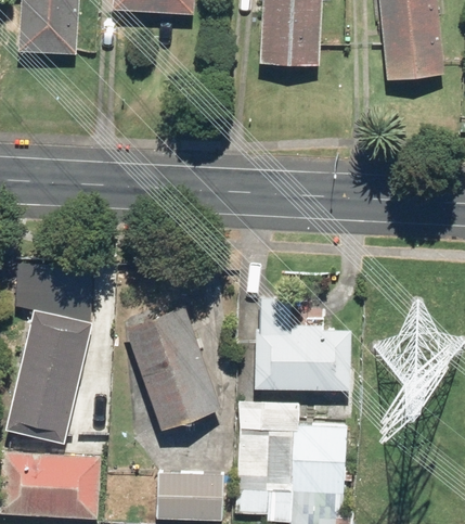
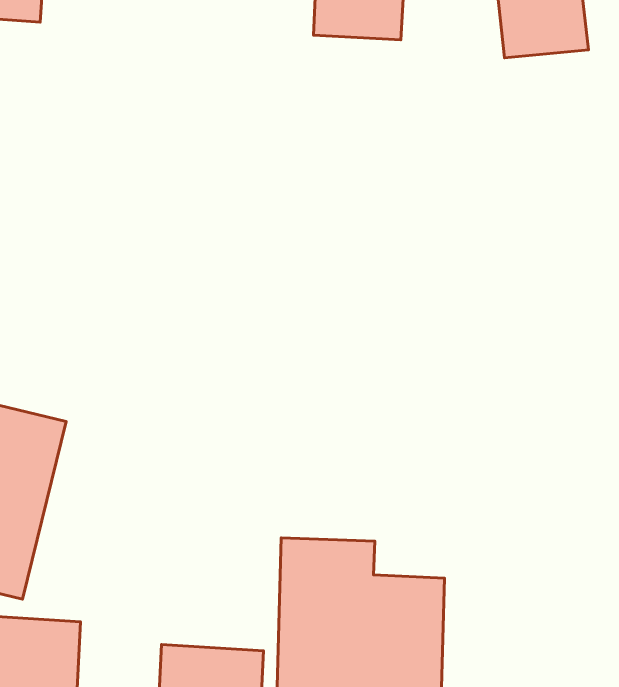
building: [126,305,220,426] -> none
building: [254,329,349,388] -> none

